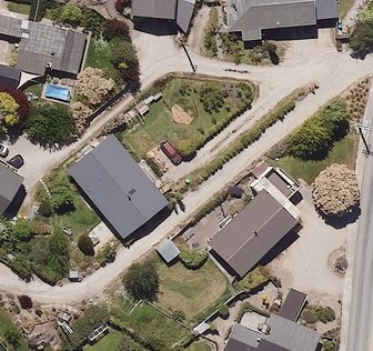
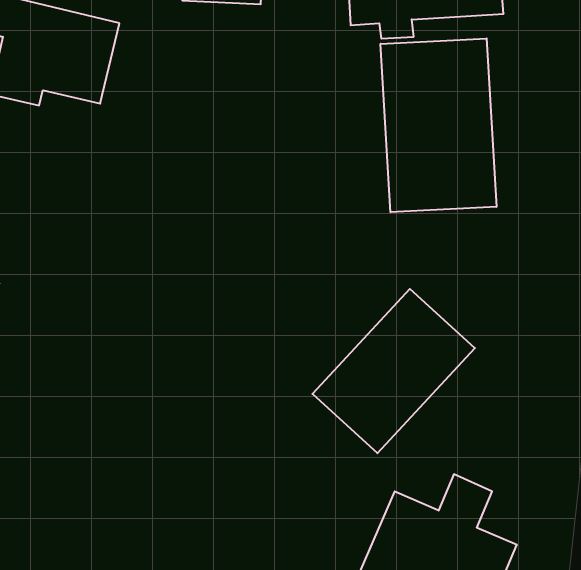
building: none -> [381,38,496,212]
building: [64,131,168,238] -> none

